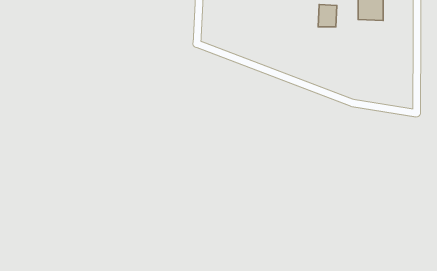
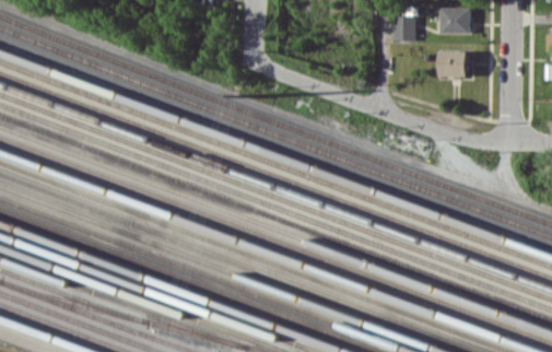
building: none -> [438,50,467,78]

